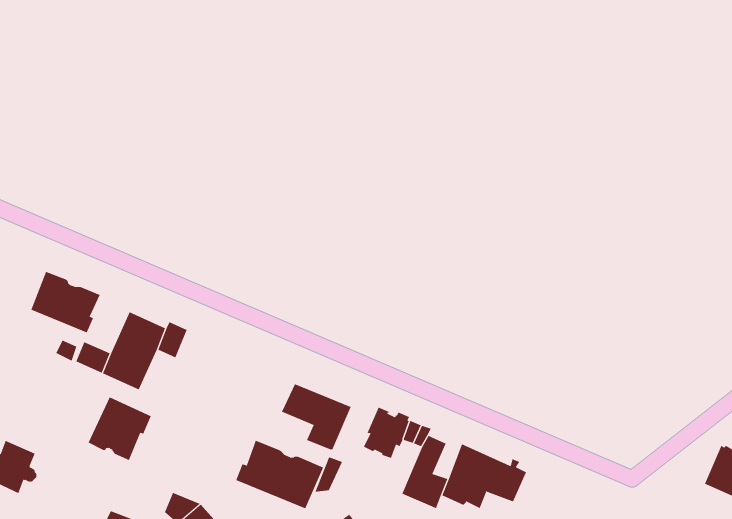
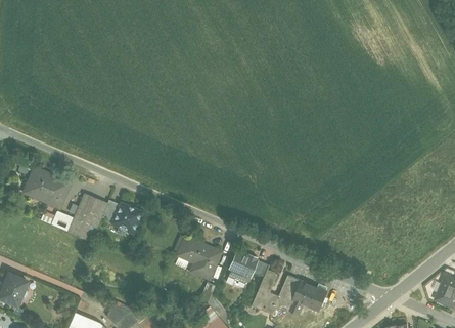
building: none -> [111,202,141,235]
building: [88,397,151,461] -> none
building: [236,440,324,509] -> none

